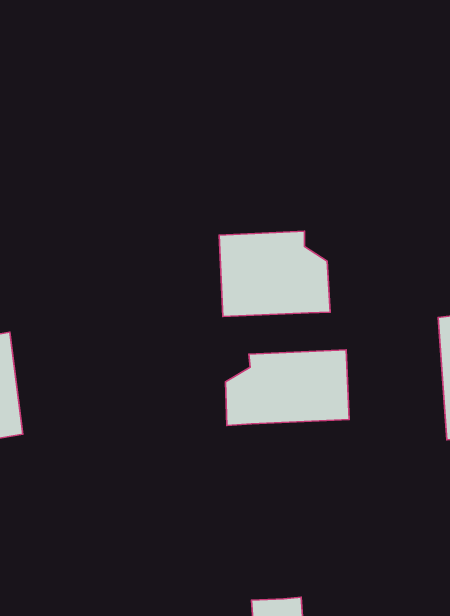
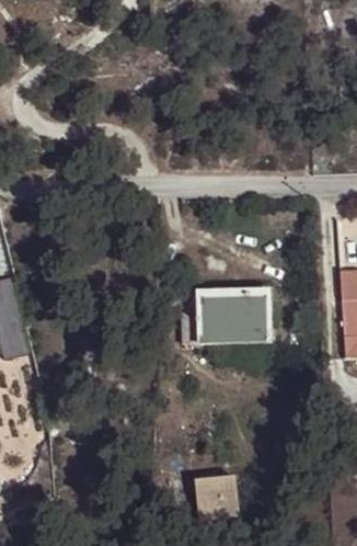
building: [219,231,330,317] -> none

